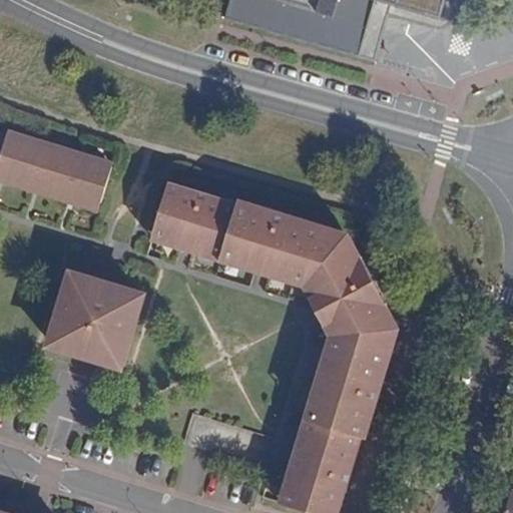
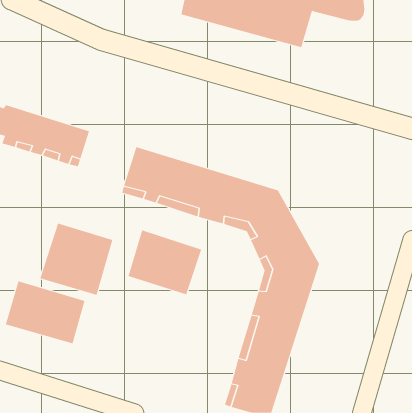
building: none -> [128,230,202,295]
building: none -> [5,280,85,344]

